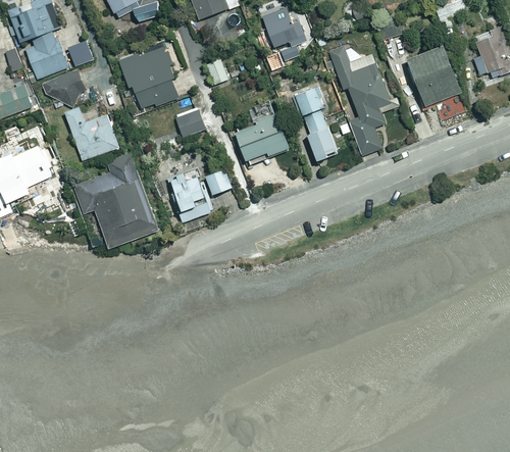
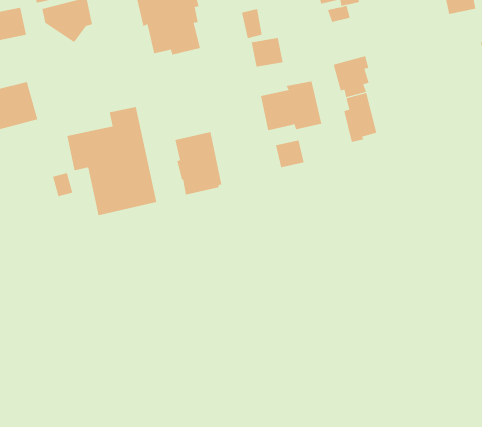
building: [332,49,401,157] -> none
building: [62,106,117,160] -> none
building: [174,109,204,137] -> [251,37,283,67]
building: [203,167,230,193] -> [275,140,304,168]

